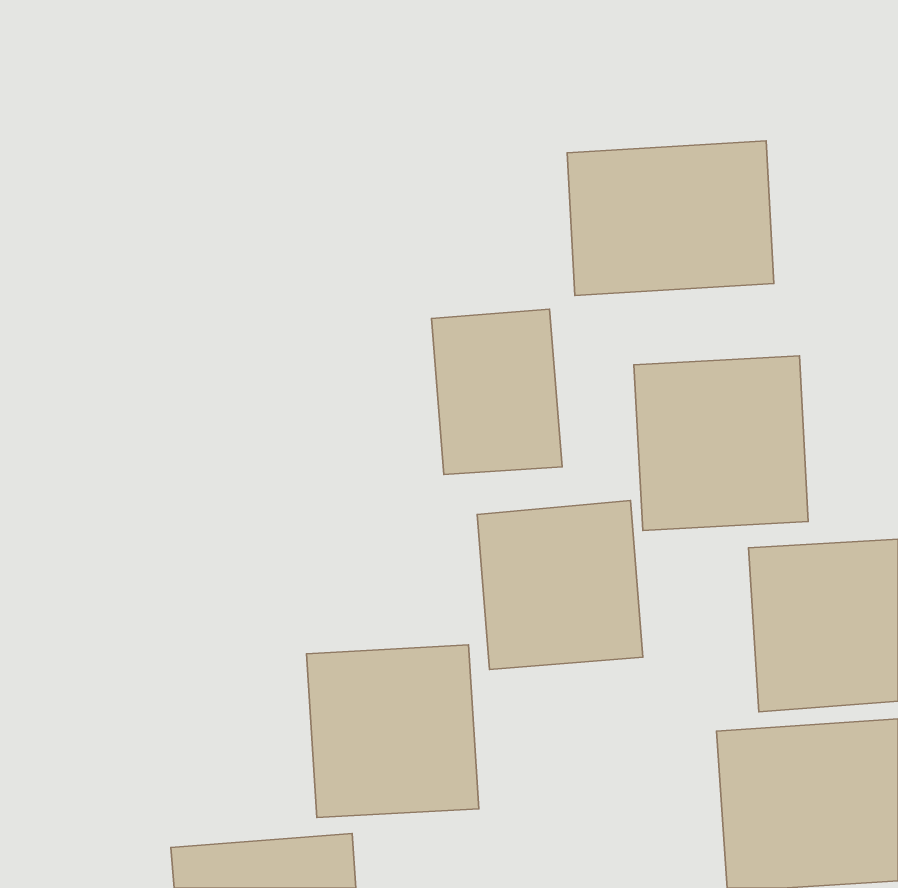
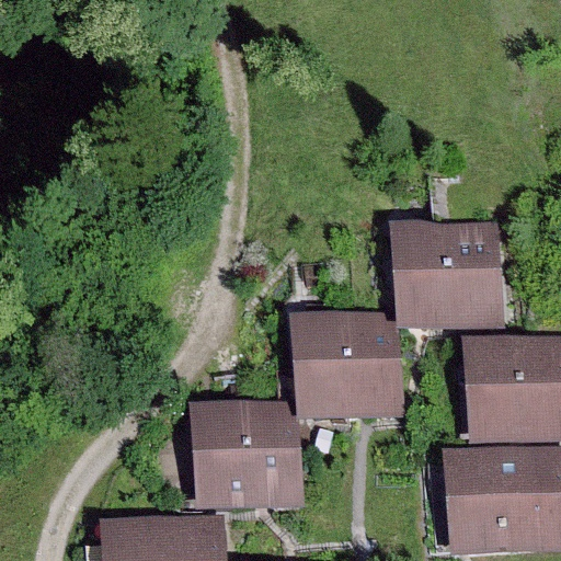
building: [567,141,774,296] -> none
building: [432,309,562,474] -> none

